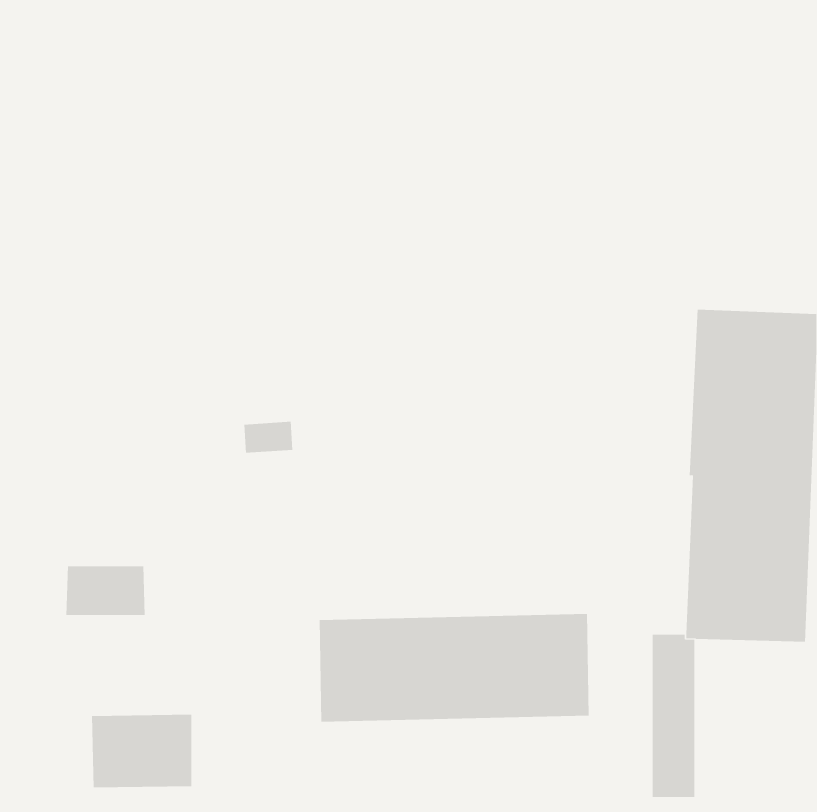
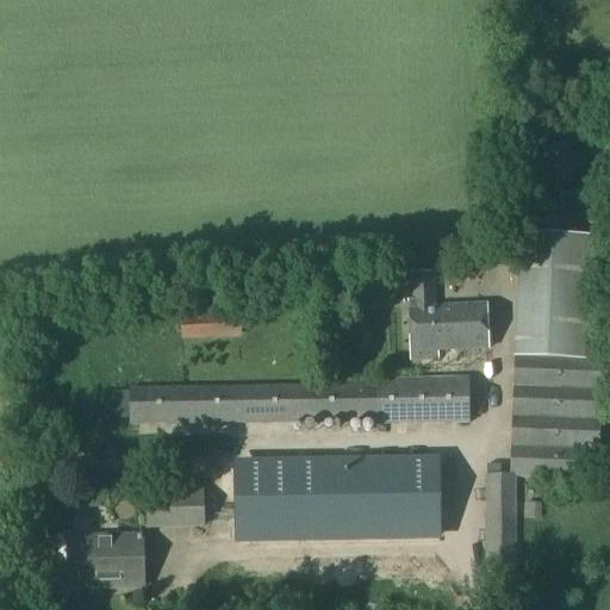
building: none -> [409,270,487,357]
building: none -> [116,378,466,423]
building: [66,566,146,616] -> [145,488,205,525]

